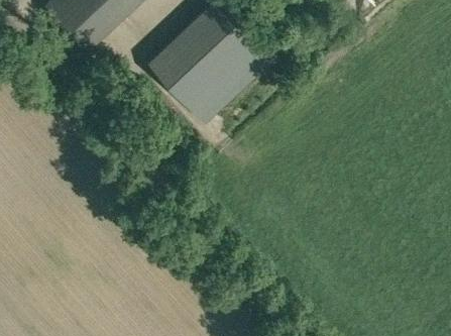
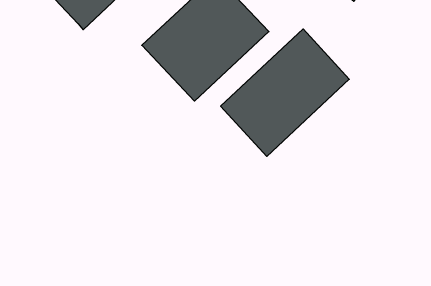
building: none -> [221,29,349,156]

